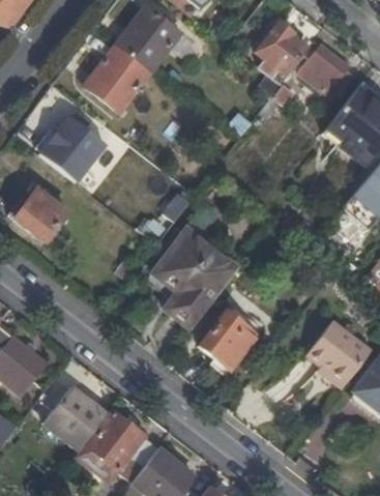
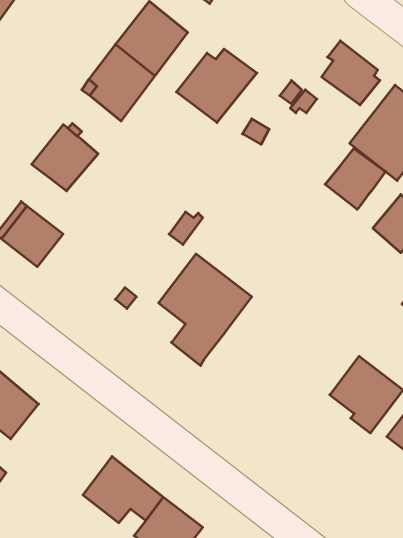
building: [255,22,308,76] -> none
building: none -> [176,49,257,123]
building: none -> [325,149,386,209]
building: [194,301,256,370] -> none
building: [46,386,107,448] -> none

